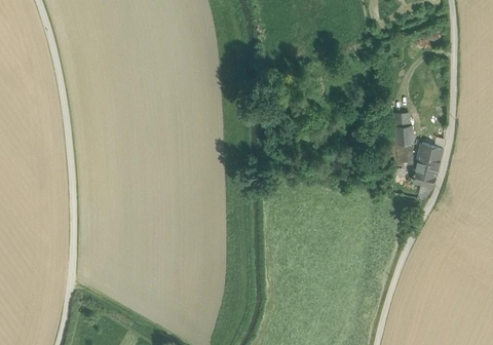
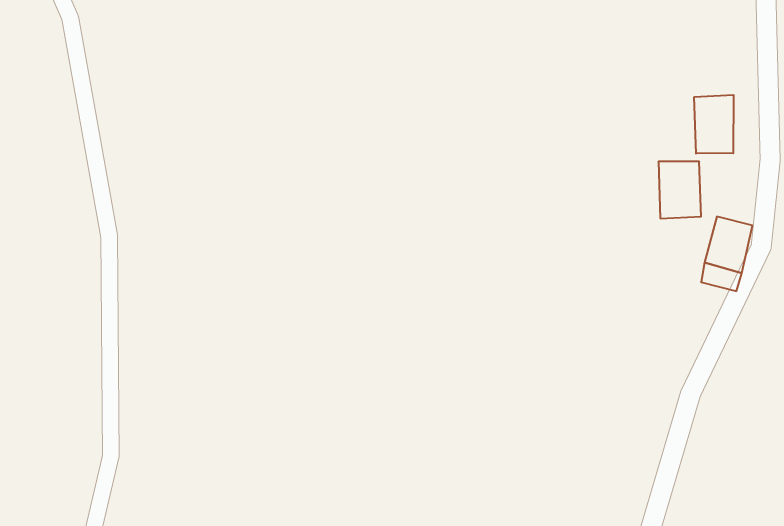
building: none -> [694,95,734,154]

